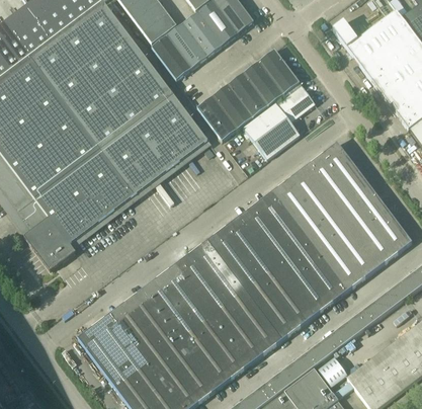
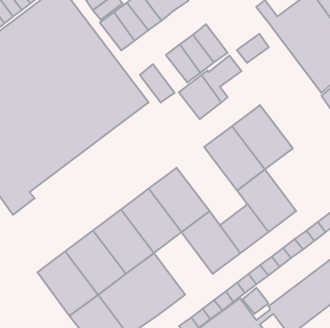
building: none -> [237,34,269,63]
building: [213,84,253,129] -> none
building: [240,191,323,282] -> none
building: [343,193,412,266] -> none
building: [214,291,282,363] -> none

